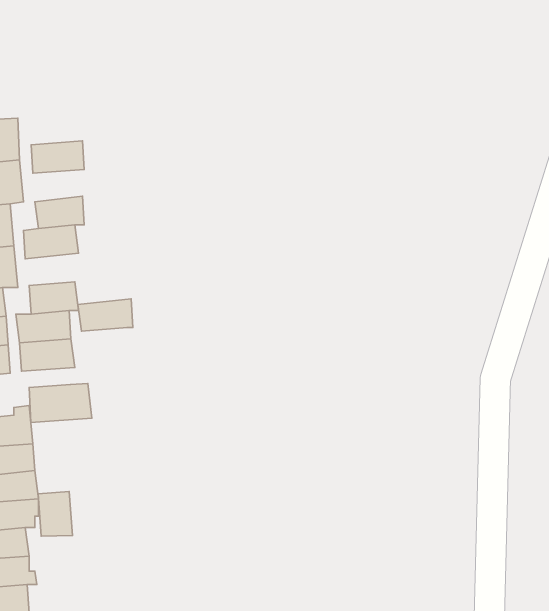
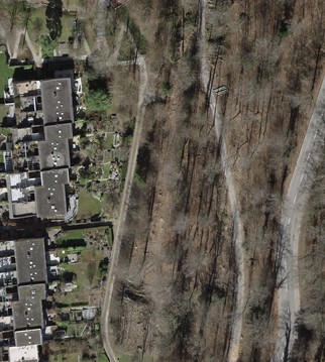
building: none -> [41,78,70,95]
building: none -> [43,108,73,125]
building: [78,299,133,331] -> [39,152,69,169]
building: [29,384,92,422] -> none
building: [38,491,72,536] -> none

